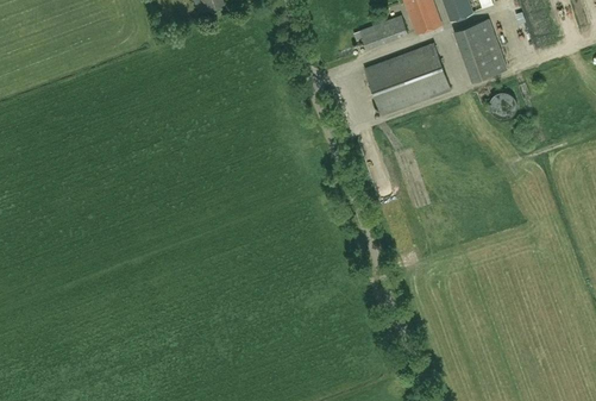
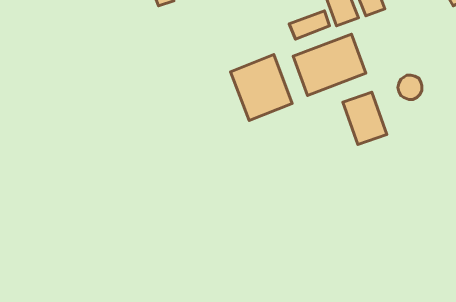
building: [453,19,506,81] -> [343,92,387,145]
building: none -> [231,55,292,120]

